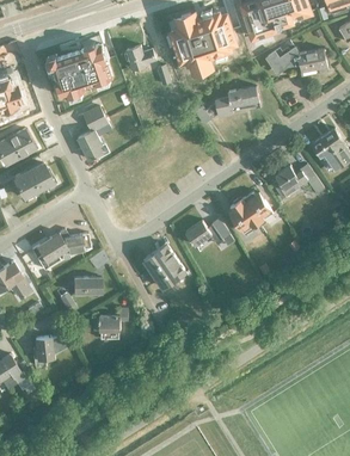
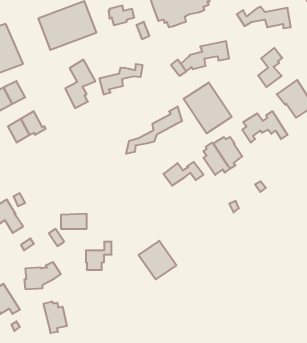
building: none -> [258,48,282,87]
building: none -> [100,64,142,95]
building: none -> [184,82,232,133]
building: none -> [126,106,182,154]
building: [31,228,90,269] -> none
building: [143,245,185,288] -> [139,241,176,279]
building: none -> [44,301,67,333]

